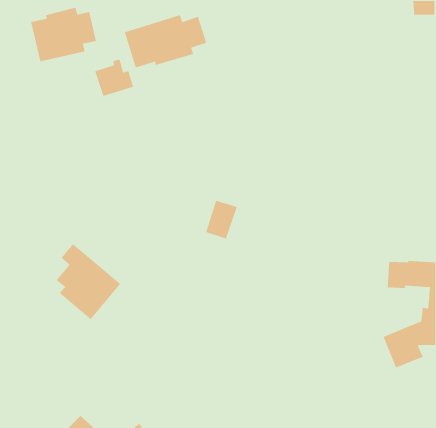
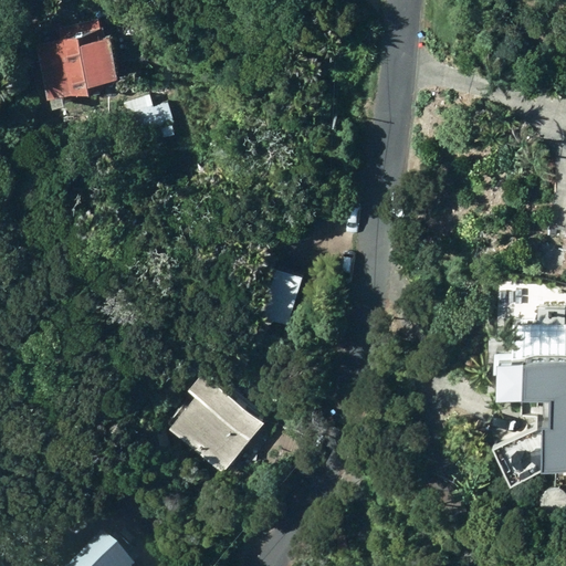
building: [124,14,207,69] -> none
building: [55,243,121,320] -> [185,369,269,468]

